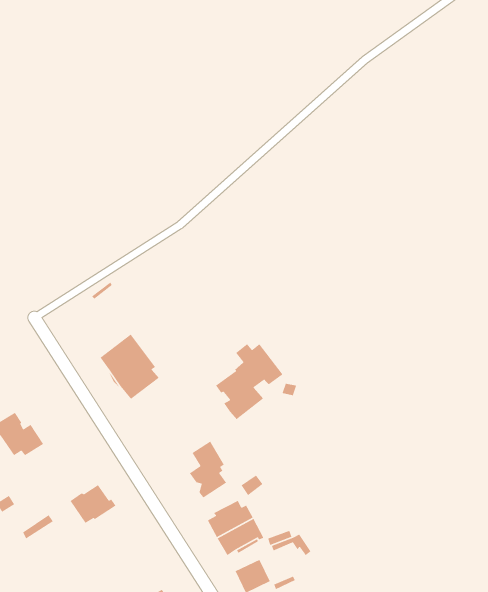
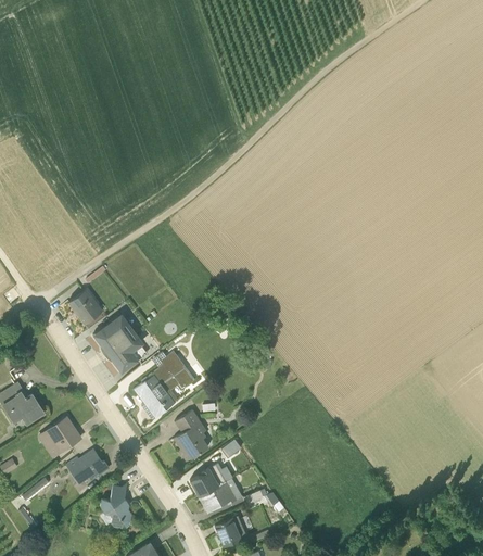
building: none -> [68,289,102,324]
building: [214,343,283,420] -> [132,351,195,420]
building: none -> [38,418,80,457]
building: none -> [100,485,131,529]

